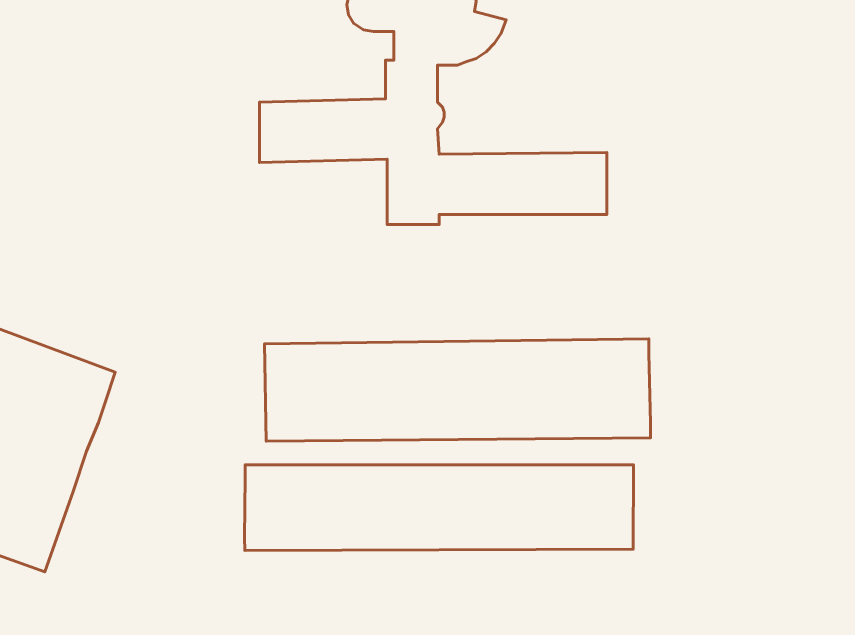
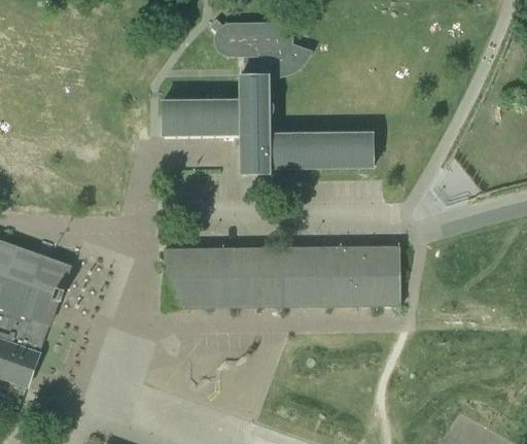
building: [244,465,633,551] -> none

